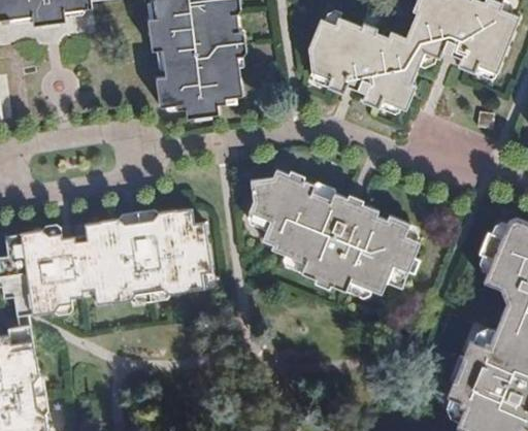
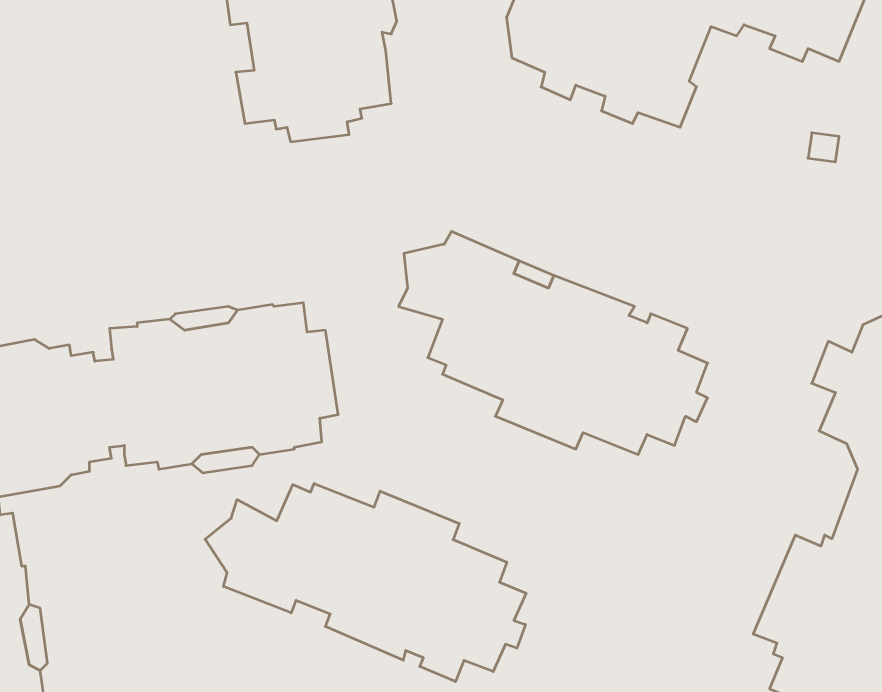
building: none -> [205,483,526,682]

